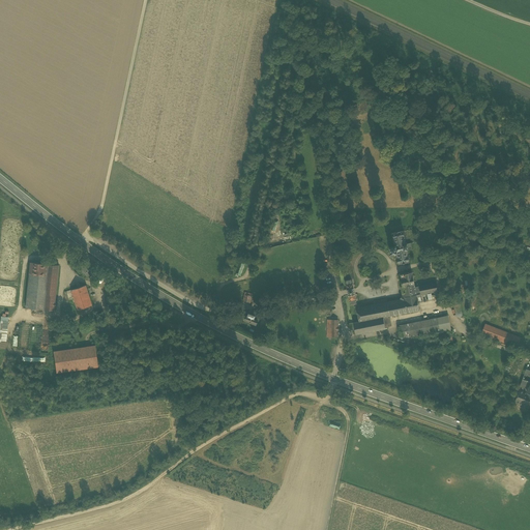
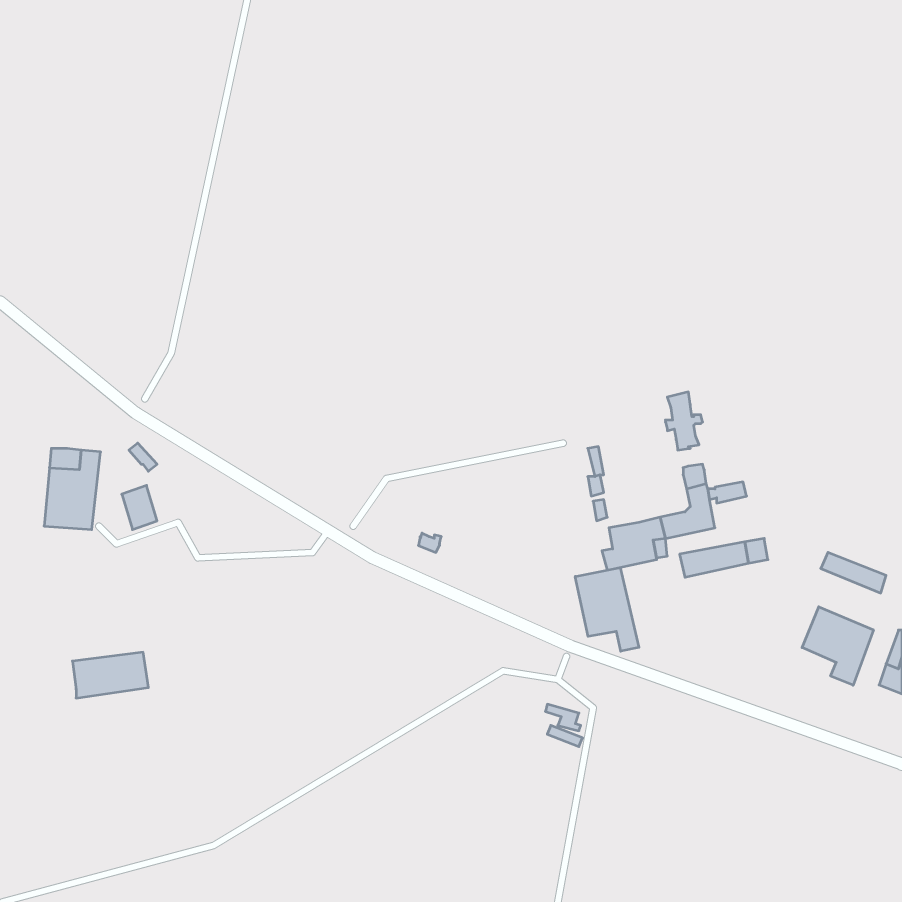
building: none -> [575,568,639,651]
building: [54,346,98,373] -> [72,652,148,698]
building: none -> [802,607,873,685]

